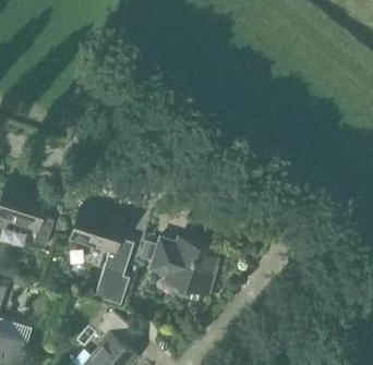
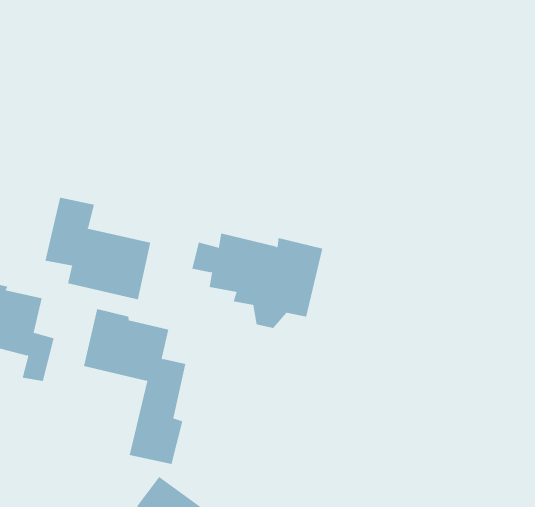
building: none -> [45,197,151,300]
building: [140,238,221,299] -> [191,233,323,329]

